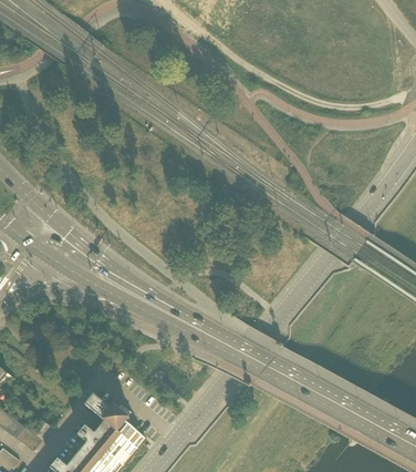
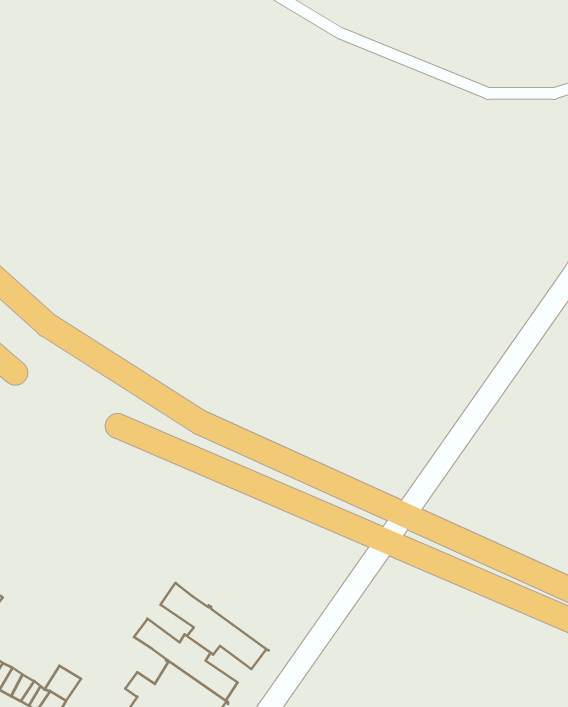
building: none -> [161,583,269,669]

